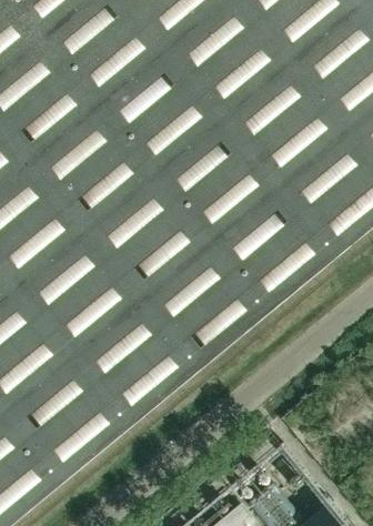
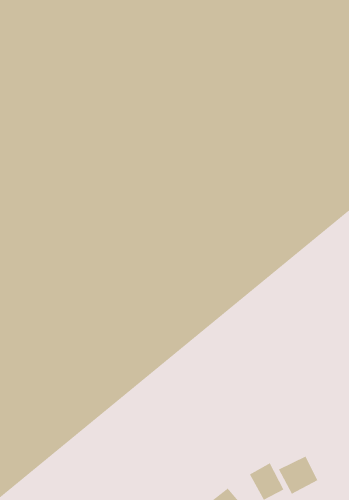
building: none -> [278,455,319,495]

